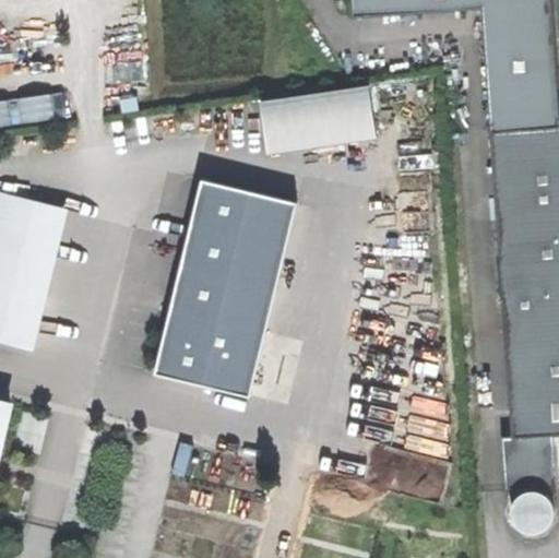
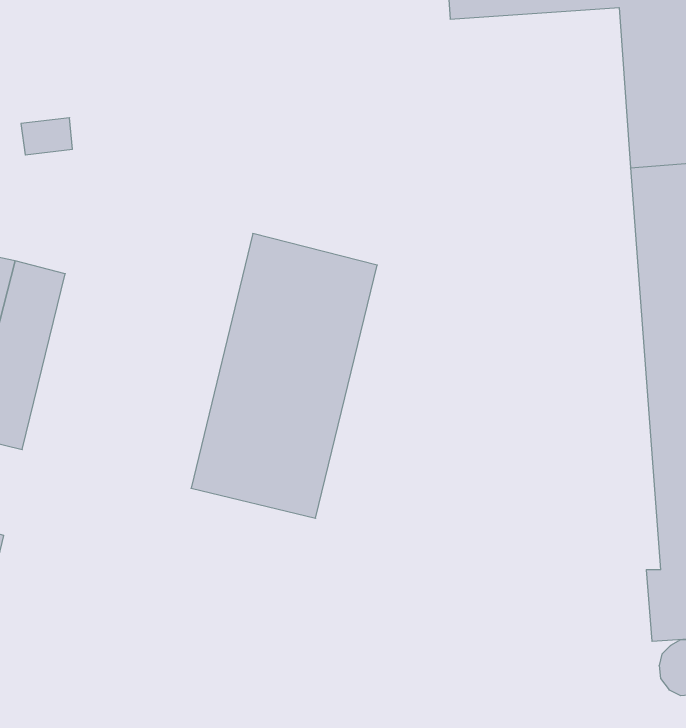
building: [266,83,391,147] -> none

